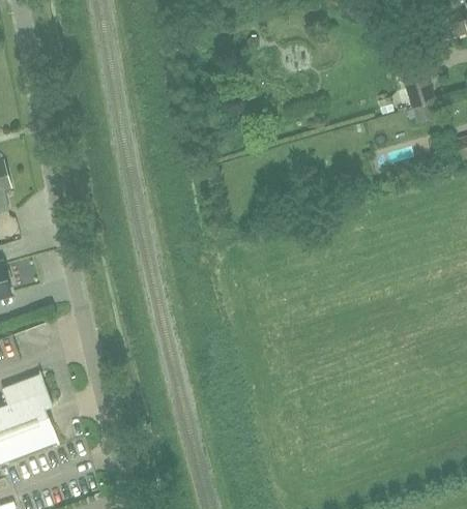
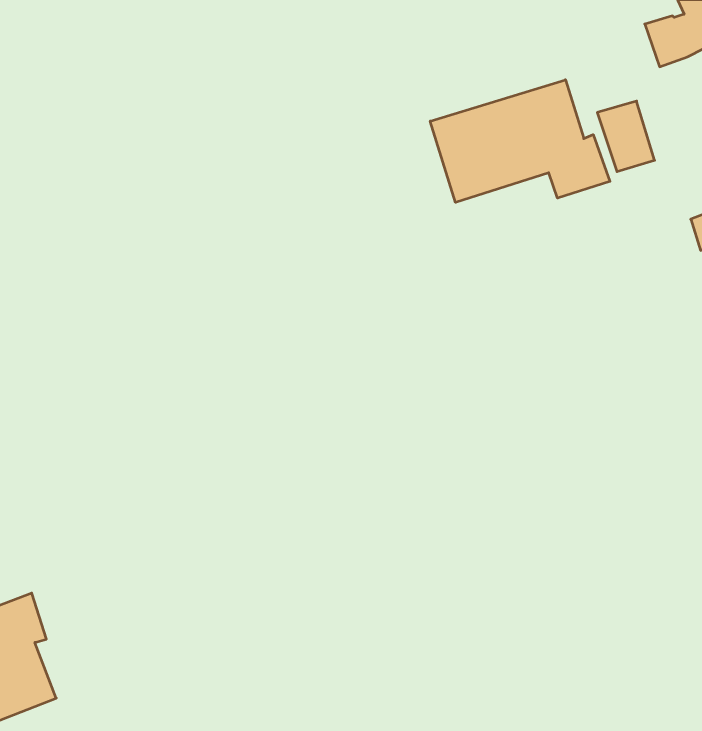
building: none -> [430,80,610,202]

